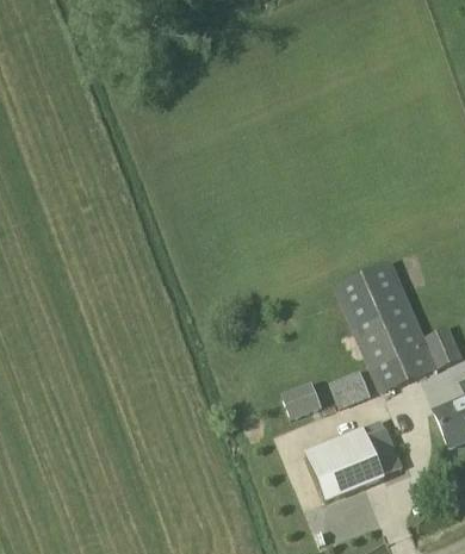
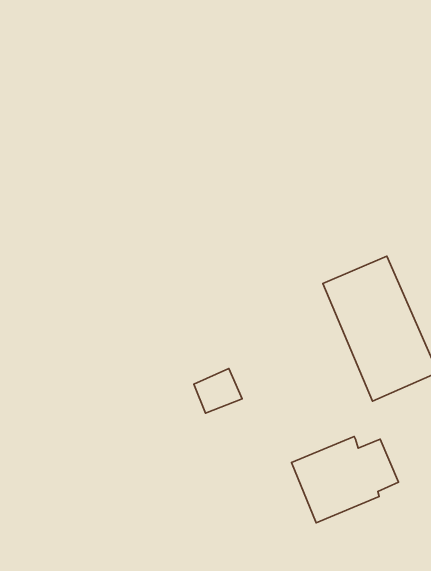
building: [326,367,370,406] -> none
building: [275,379,320,419] -> [194,369,242,413]

